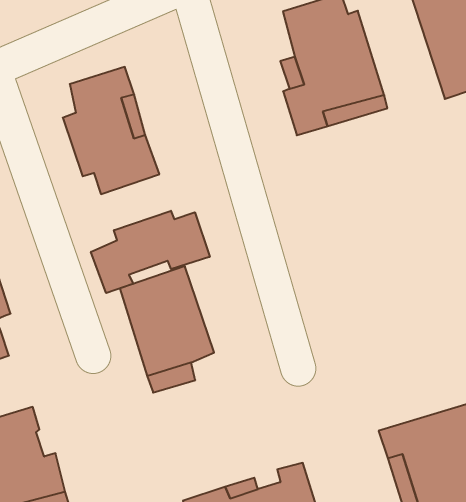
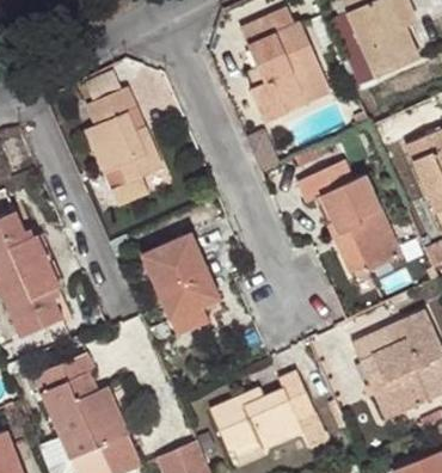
building: none -> [297,161,400,272]
building: [91,211,210,293] -> none

